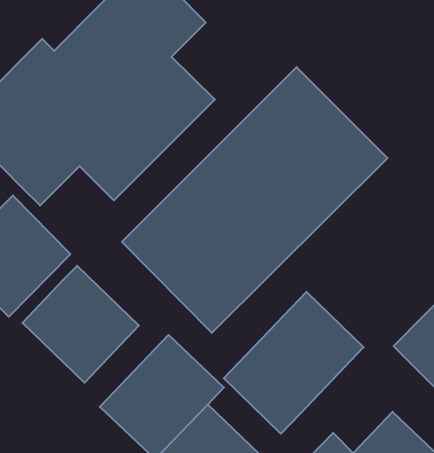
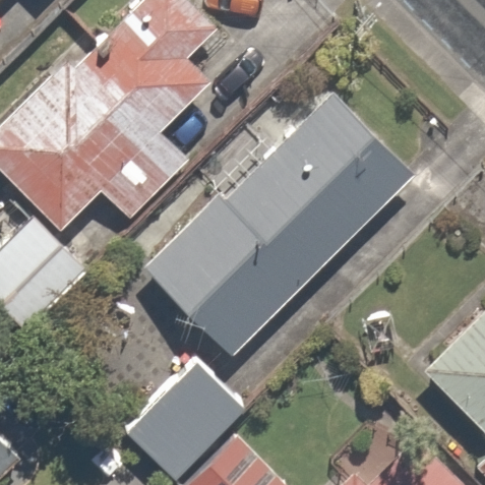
building: [22,266,139,383] -> none
building: [224,292,364,434] -> none

